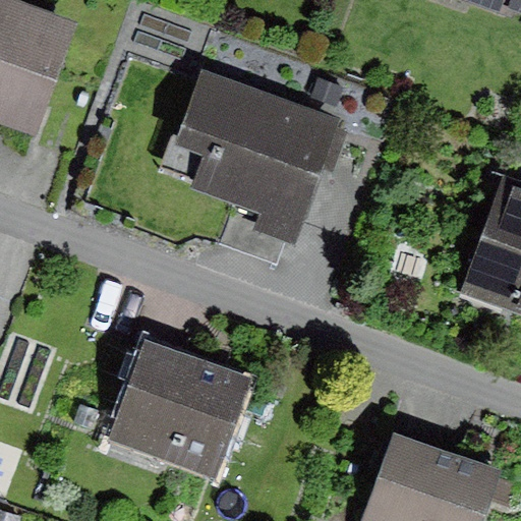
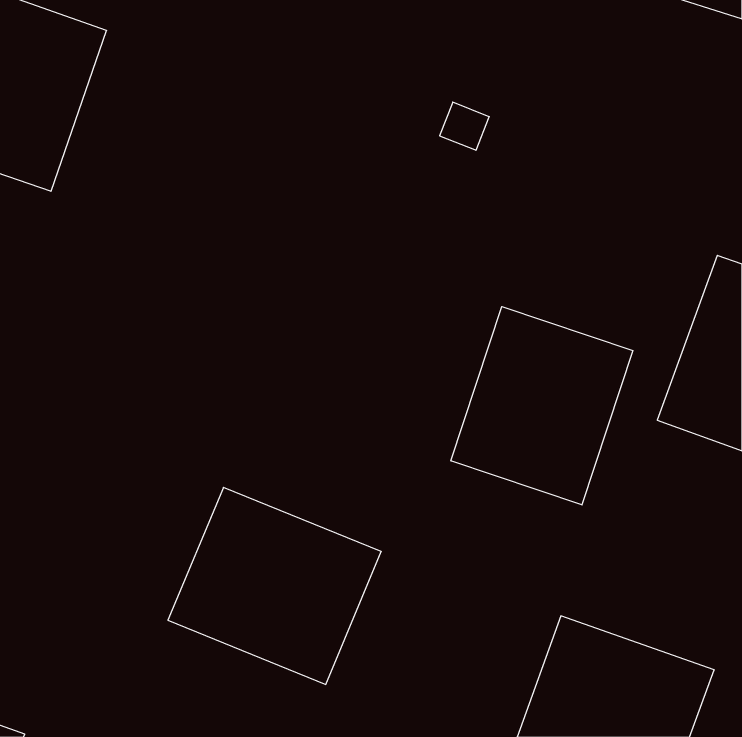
building: [179,78,340,248] -> none
building: none -> [451,307,633,505]

